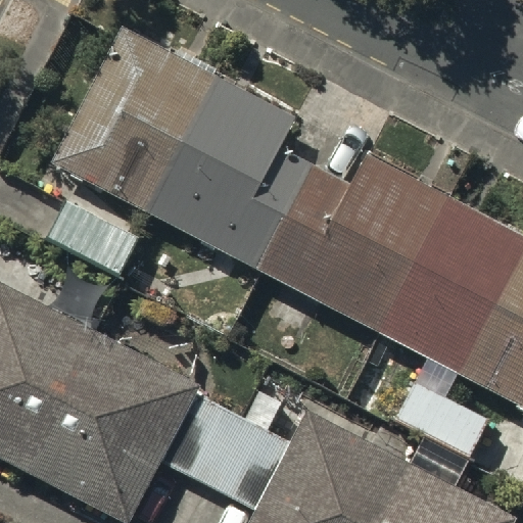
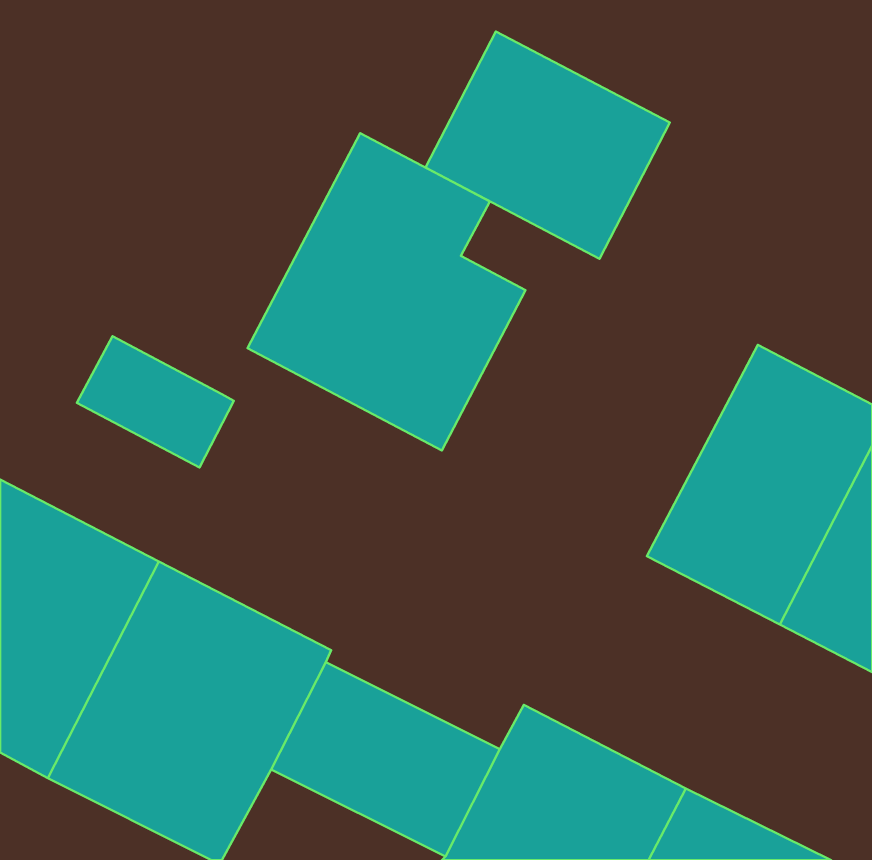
building: none -> [425,31,670,259]
building: [62,36,216,208] -> none
building: [265,158,454,333] -> none

